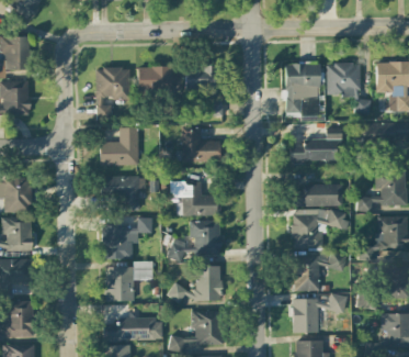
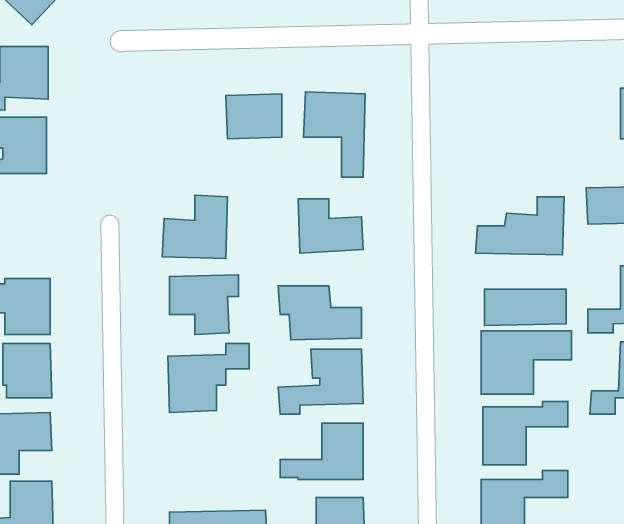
building: [286,63,321,121] -> none
building: [327,64,371,114] -> none
building: [96,68,130,116] -> none
building: [105,261,154,302] -> none

